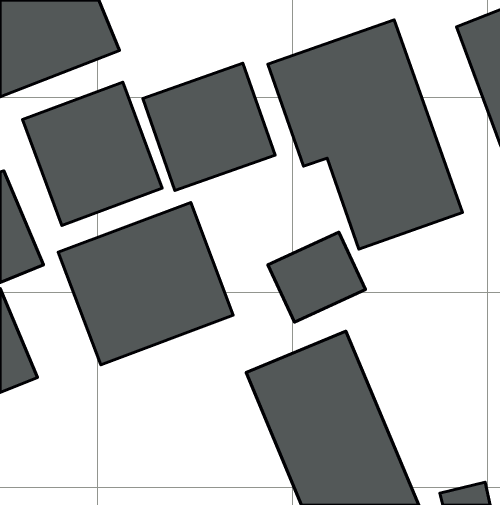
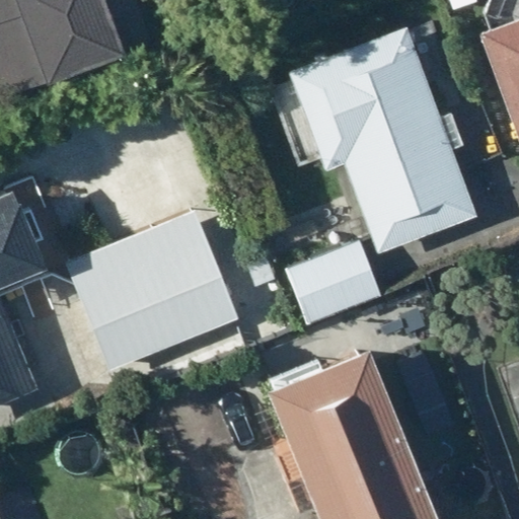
building: [143,63,275,191] -> none
building: [23,82,162,226] -> none

